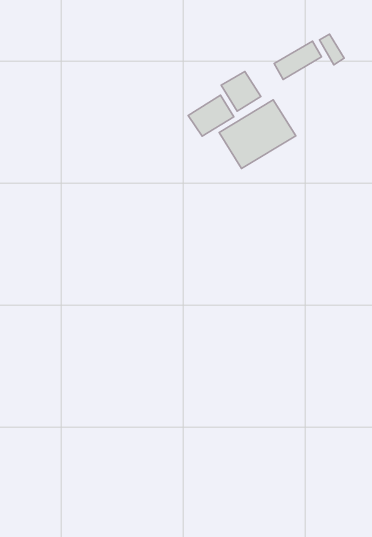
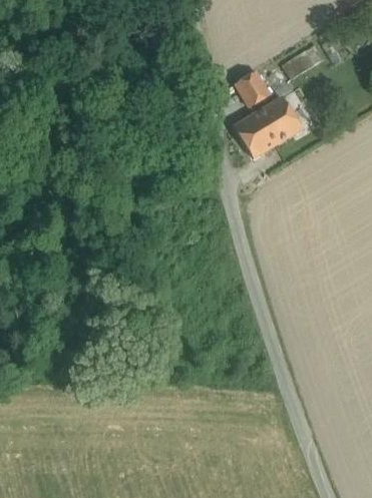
building: [188,95,234,136] -> none

